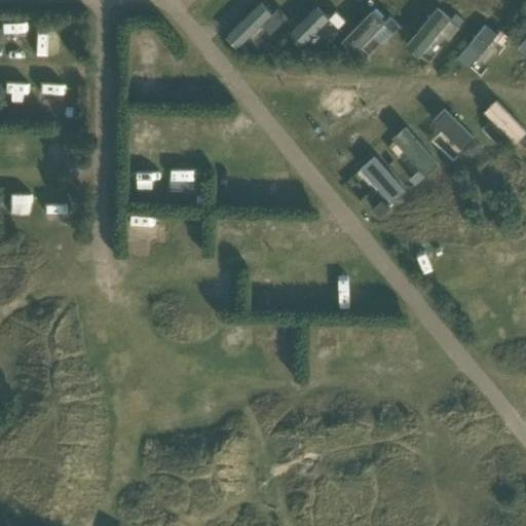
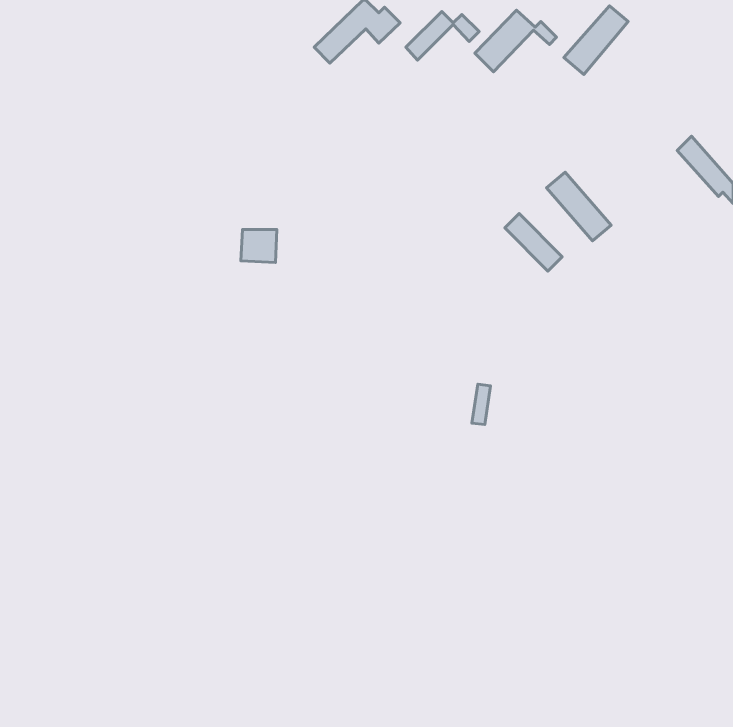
building: [457,27,508,70] -> none
building: [431,109,483,158] -> none

